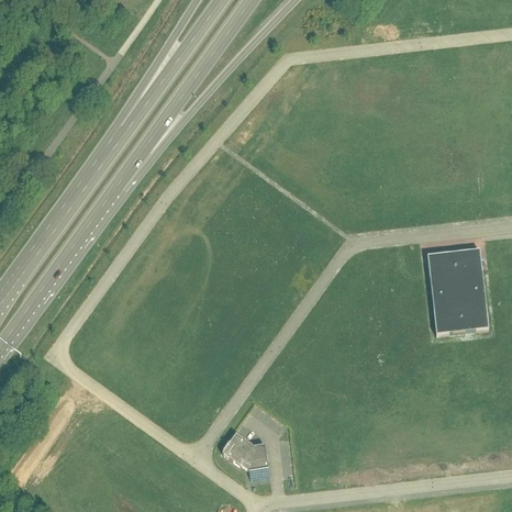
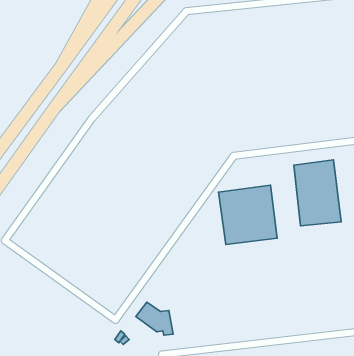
building: none -> [219,185,277,244]

